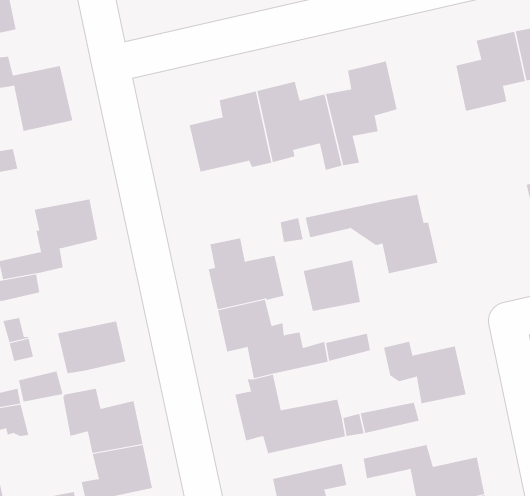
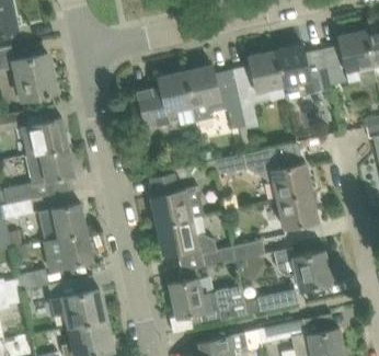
building: none -> [275,44,331,96]
building: none -> [22,117,70,154]
building: [303,260,361,312] -> [276,192,317,228]
building: none -> [38,203,87,241]

